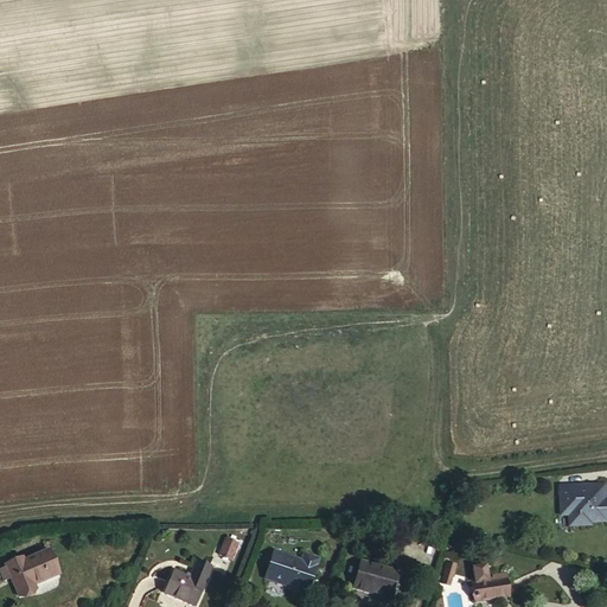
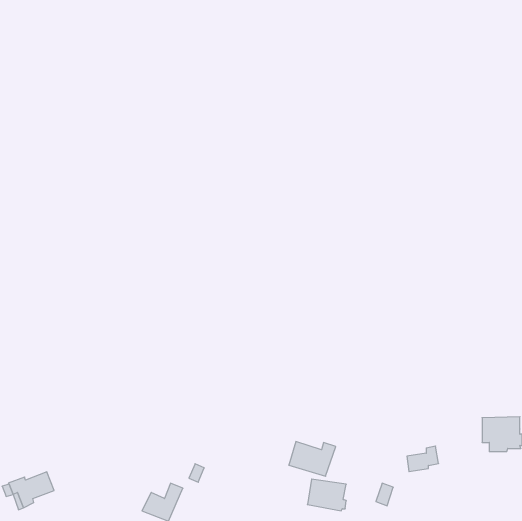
building: [266,550,320,590] -> [289,442,336,476]
building: [473,570,510,600] -> [407,446,439,472]

